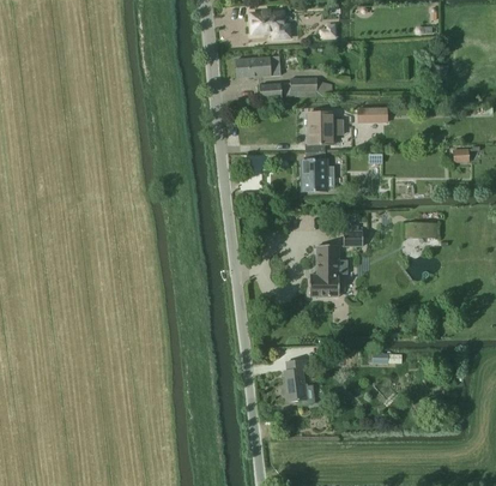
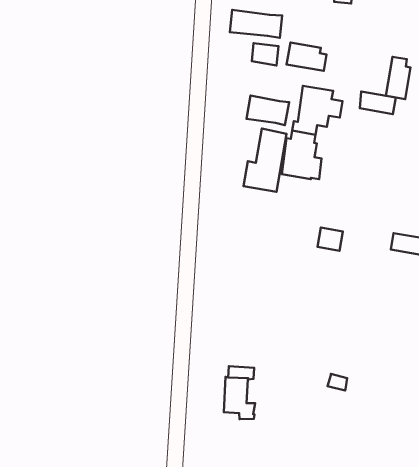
building: none -> [386,57,411,99]
building: none -> [247,95,289,125]
building: [309,244,338,295] -> [243,128,286,192]

